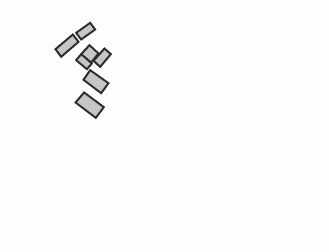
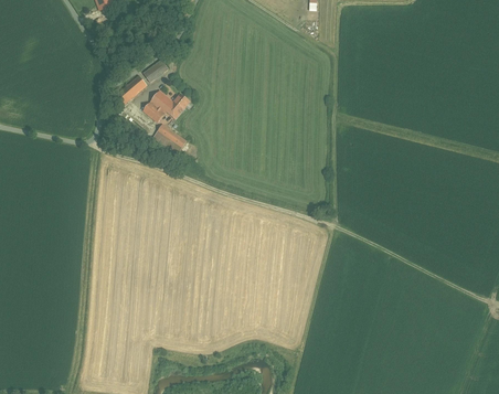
building: [76,92,104,118] -> none

